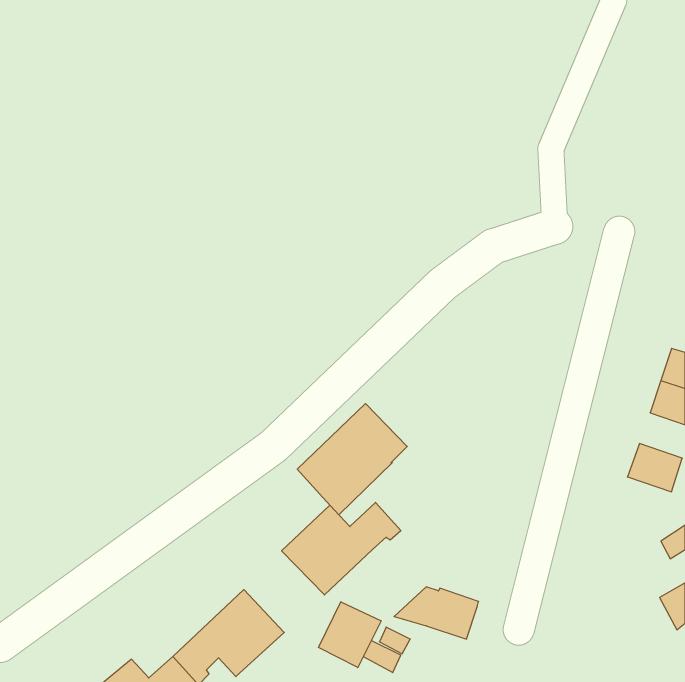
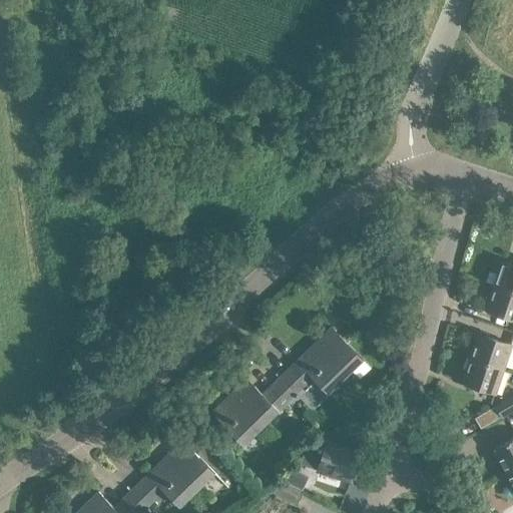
building: [297,404,407,515] -> [281,329,363,412]
building: none -> [461,359,502,394]
building: [319,602,381,668] -> none

